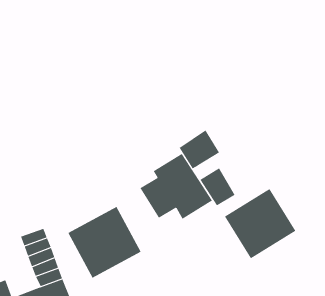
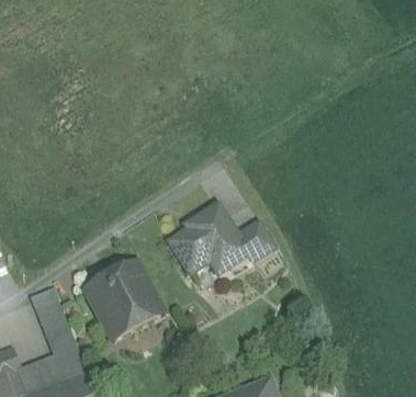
building: [179,130,220,169] -> none
building: [224,188,296,259] -> none

